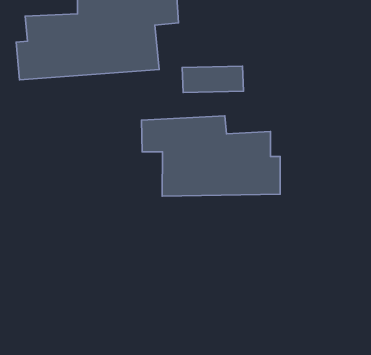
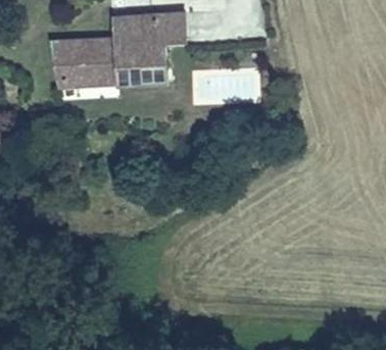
building: [141,116,280,196] -> none

